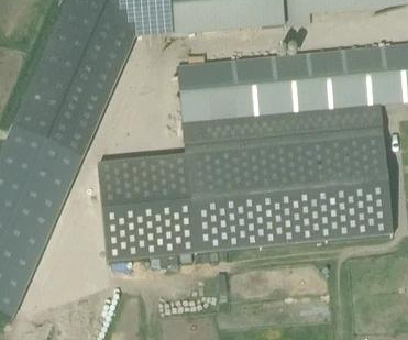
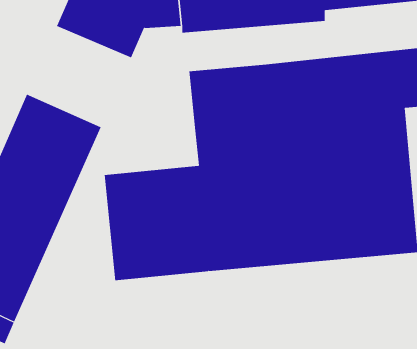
building: [29,25,125,119] -> none

